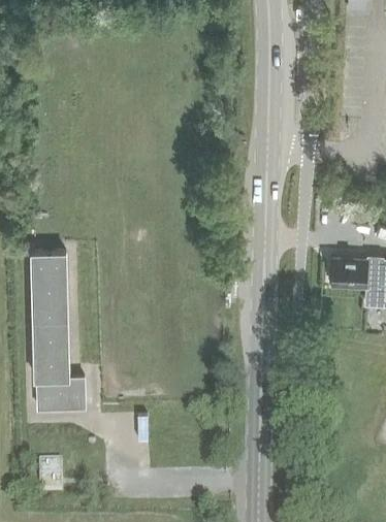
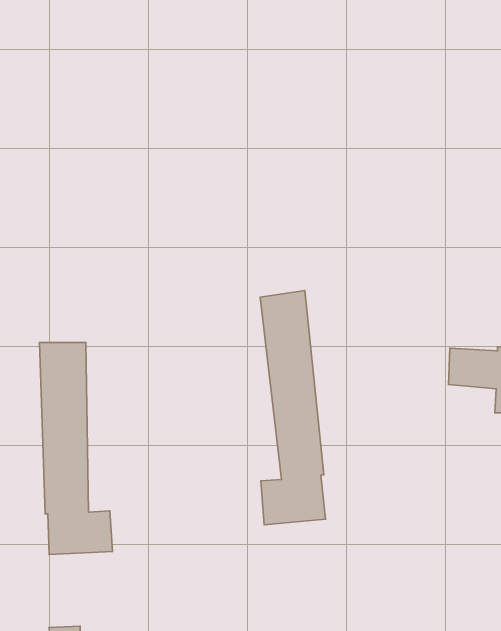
building: none -> [260,291,325,525]

